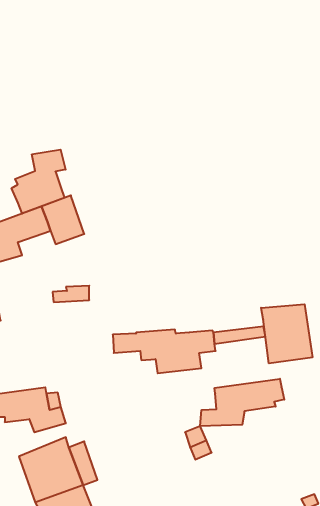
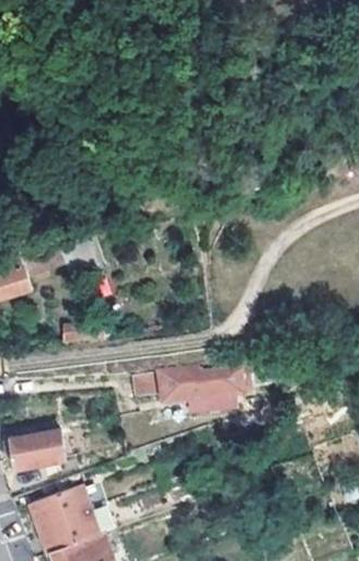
building: [12,150,66,214] -> none
building: [261,304,312,363] -> none
building: [200,379,284,426] -> none

